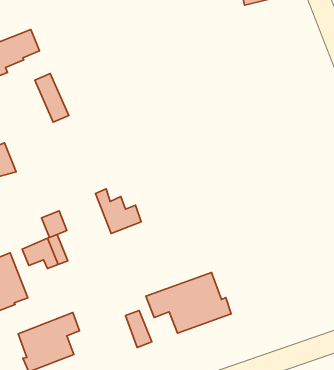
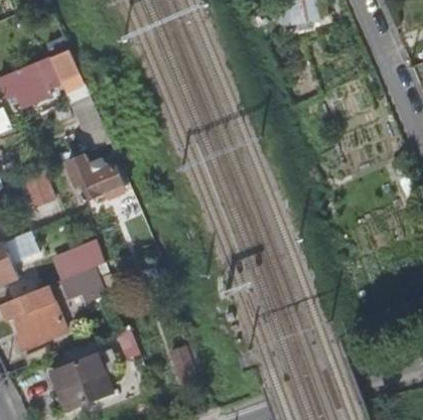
building: [95,189,141,234] -> [75,153,122,199]
building: [146,273,231,333] -> none

